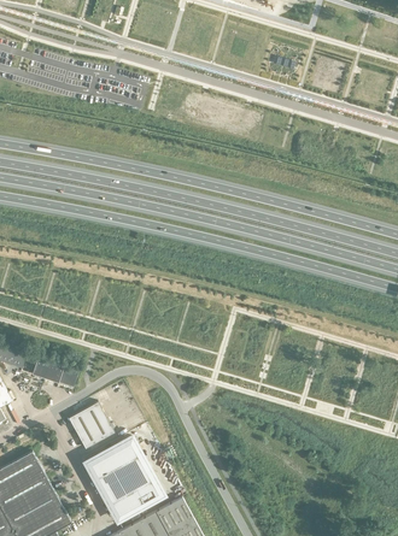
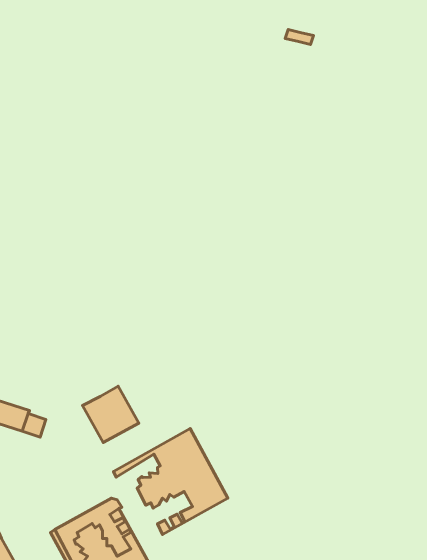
building: none -> [114,428,228,535]
building: [69,402,115,448] -> [82,386,139,443]

